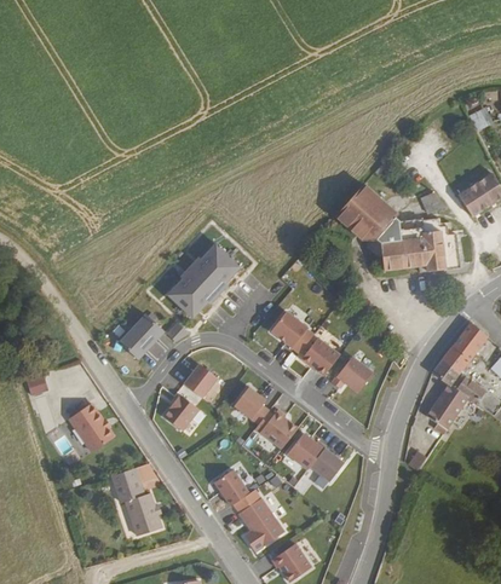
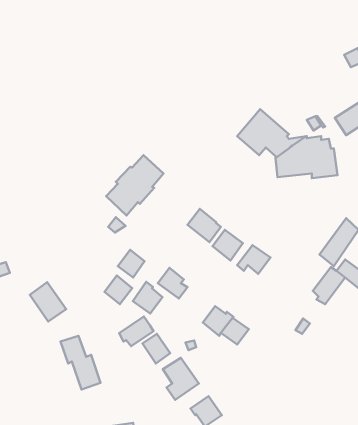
building: [120,313,165,359] -> none
building: [260,409,298,449] -> [133,282,163,313]
building: none -> [119,317,153,346]

